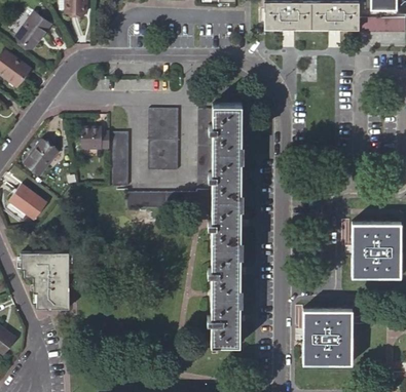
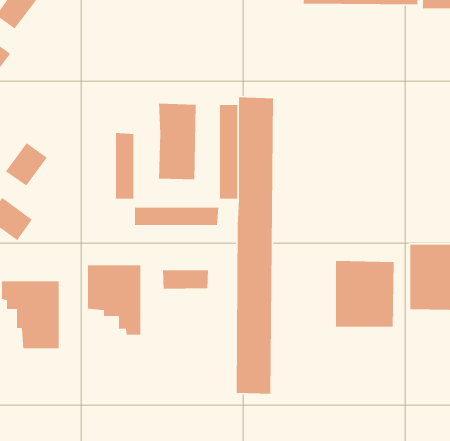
building: [81,127,111,150] -> none
building: none -> [87,264,141,336]
building: none -> [162,269,209,290]
building: [304,309,353,363] -> [335,260,395,327]

